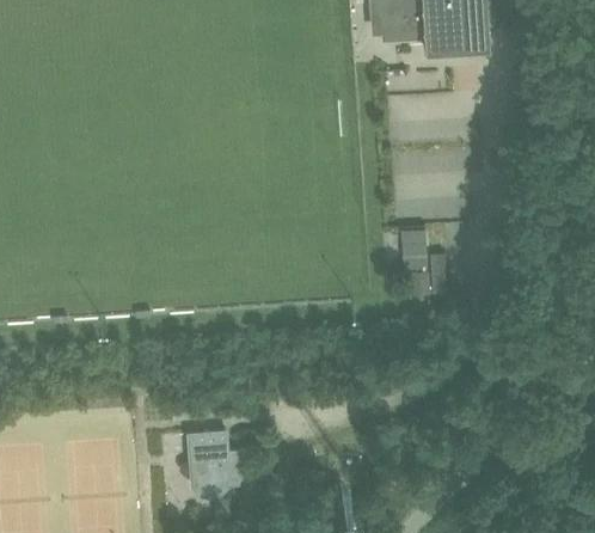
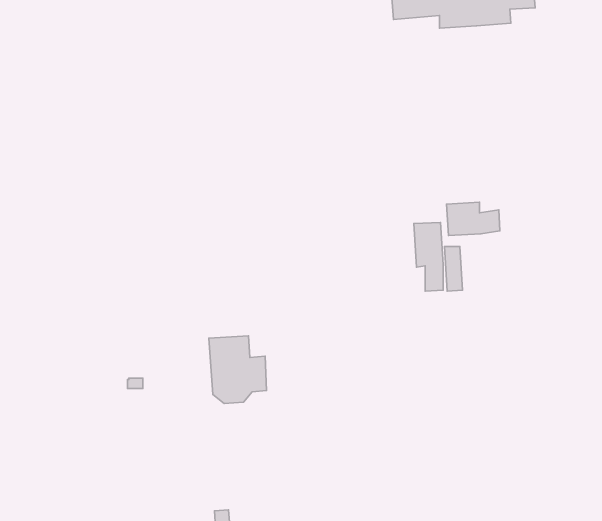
building: none -> [446,202,500,236]
building: [186,433,240,496] -> [209,336,266,403]

